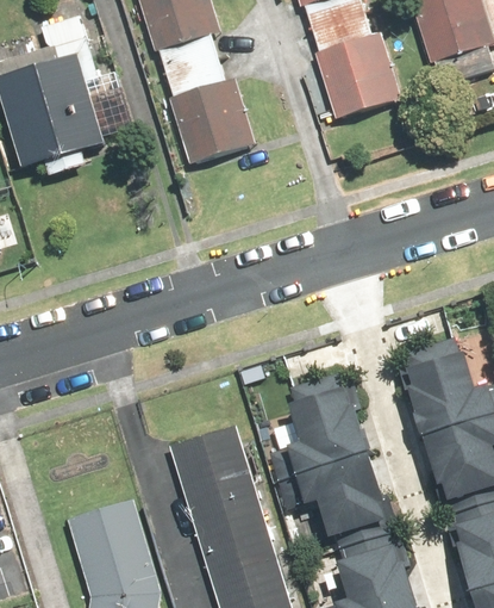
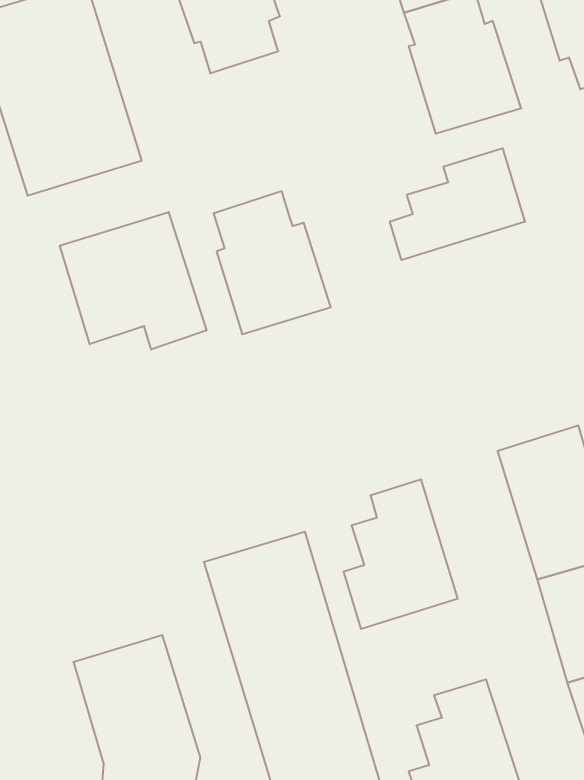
building: [170,58,258,166] -> [213,191,331,334]
building: none -> [390,148,525,260]
building: none -> [60,212,207,350]
building: [283,470,371,540] -> none

